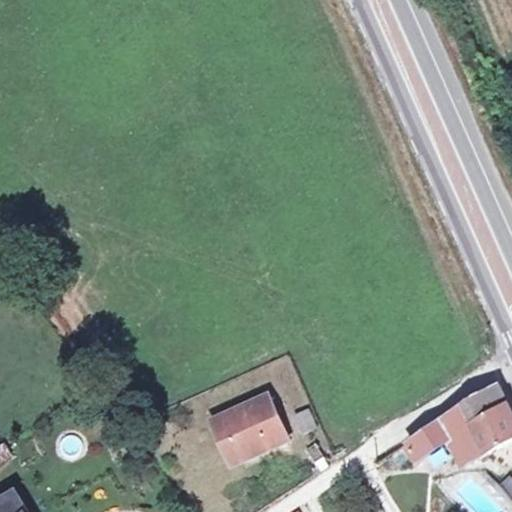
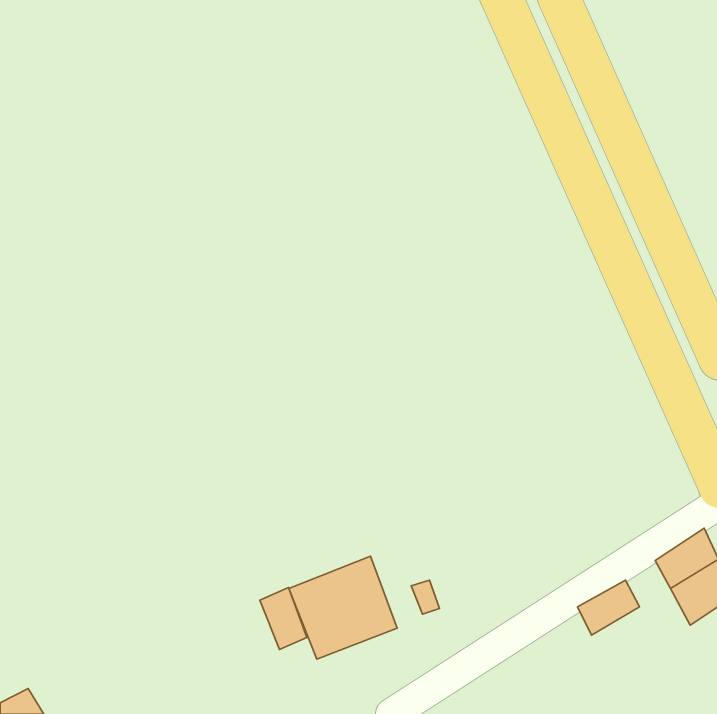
building: [446,398,492,458] -> none
building: none -> [260,587,307,649]

